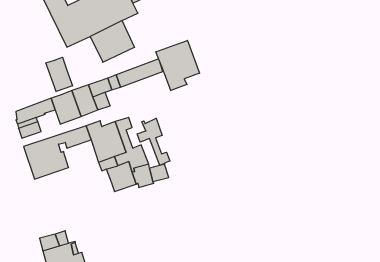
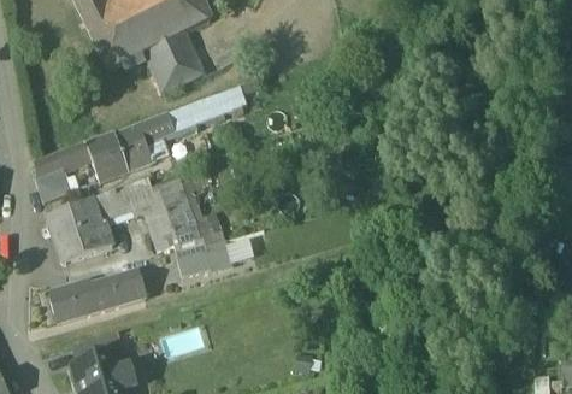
building: [156,40,200,91] -> none
building: [46,57,73,92] -> none
building: [137,118,170,165] -> none
building: none -> [63,272,142,313]

